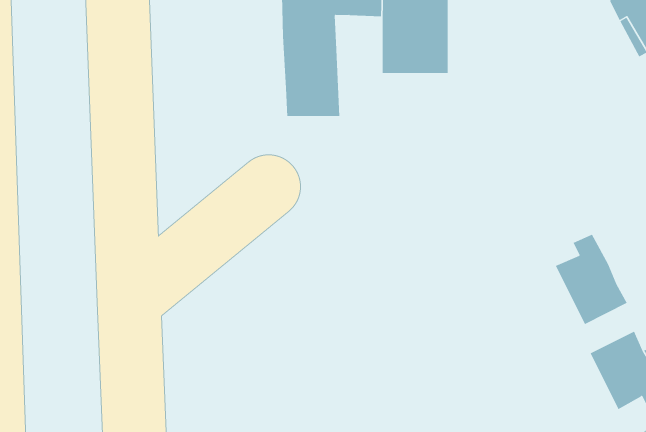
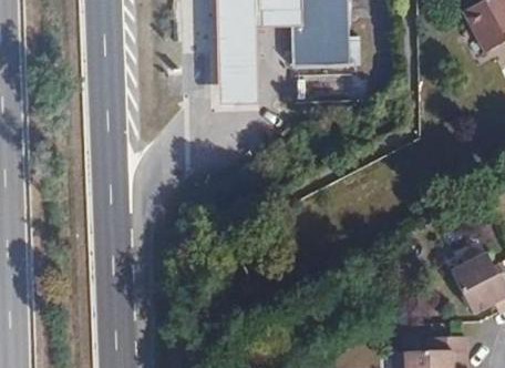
building: [555,234,627,325] -> none

